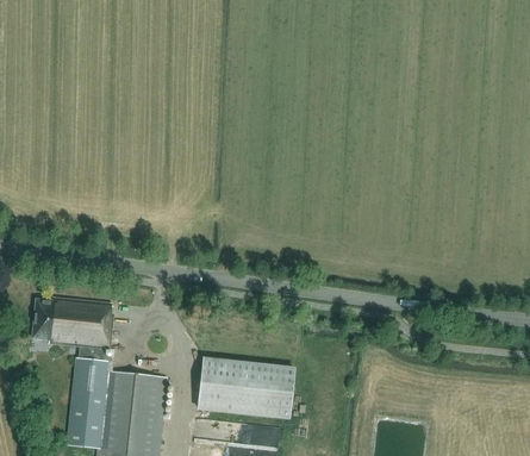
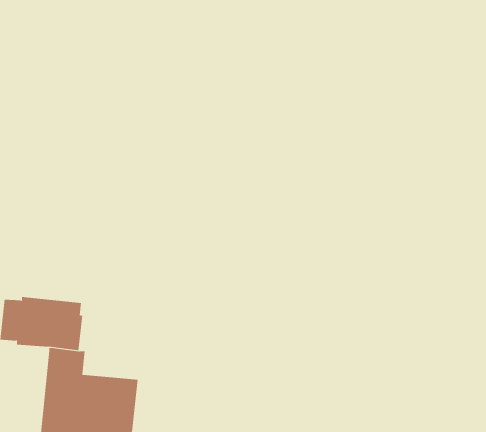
building: [197,358,293,417] -> none

